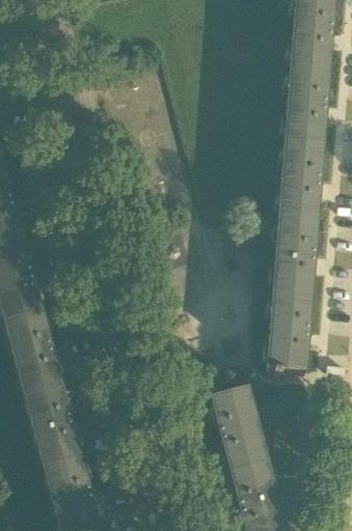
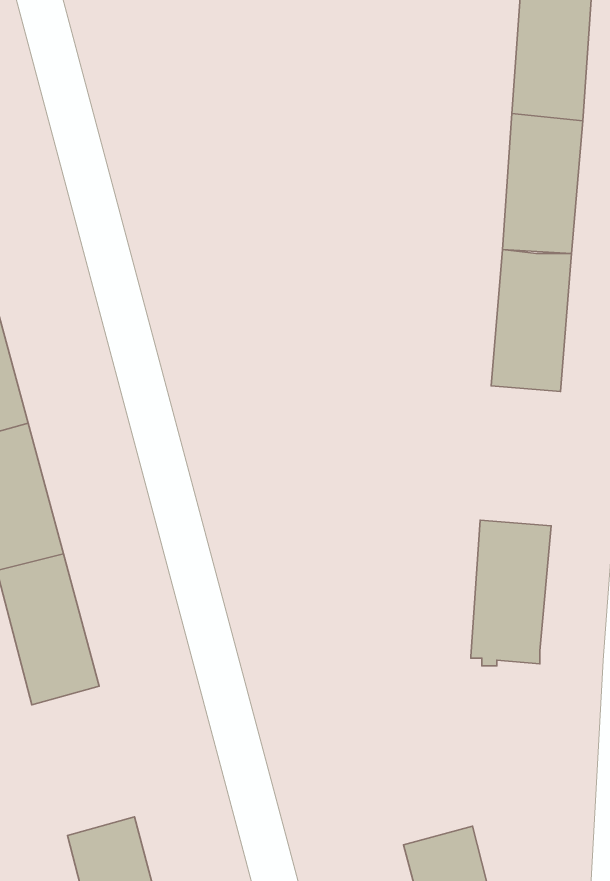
building: [273,219,318,297] -> none
building: [24,386,81,469] -> none
building: [211,390,269,474] -> none

